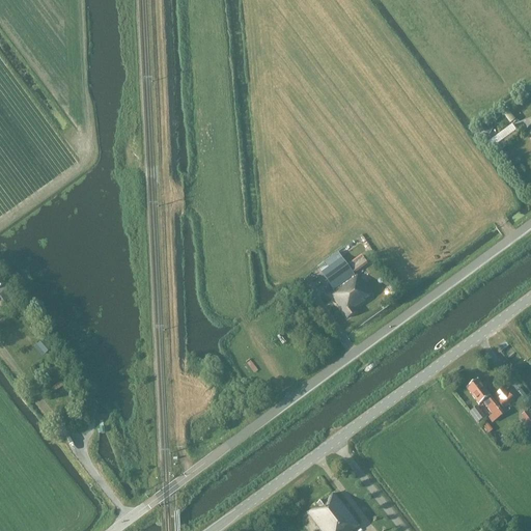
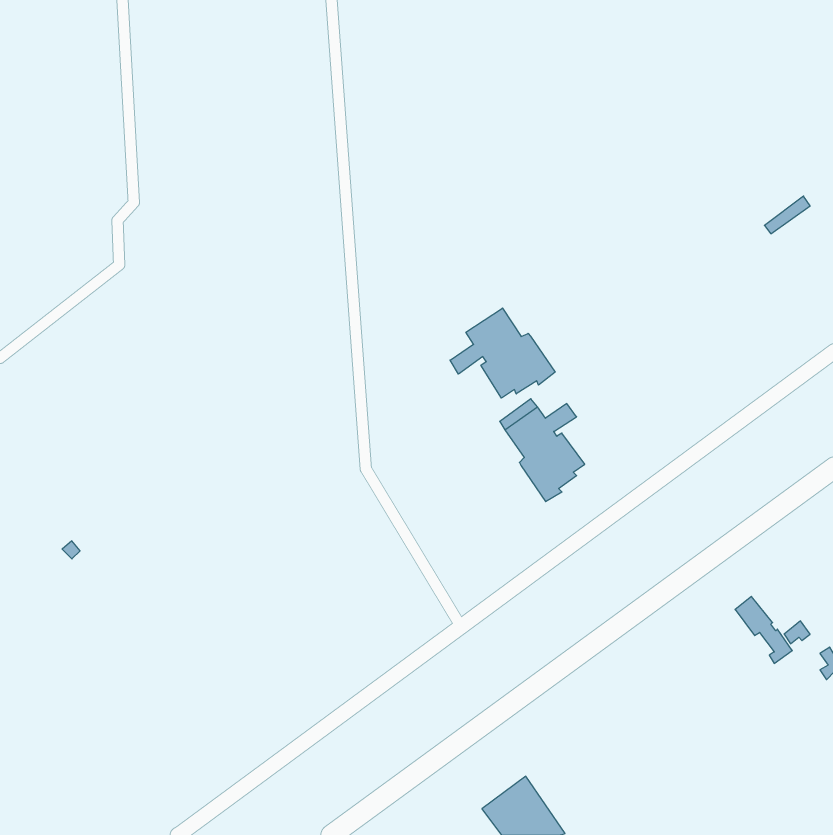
building: none -> [450,308,555,398]

